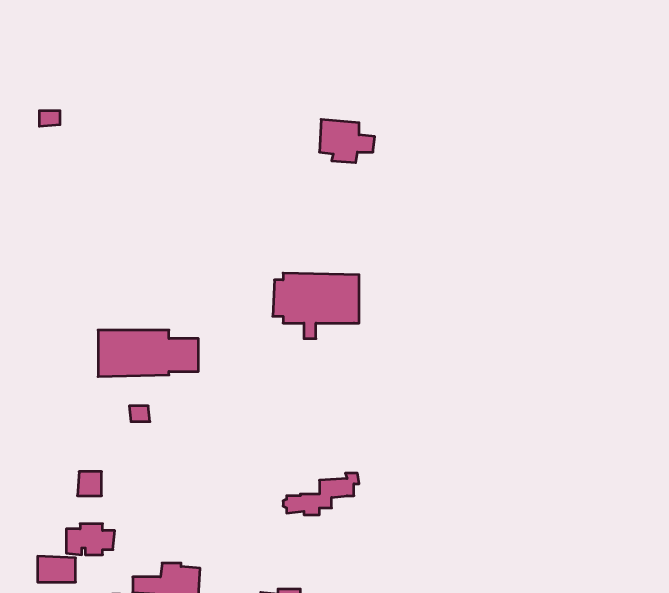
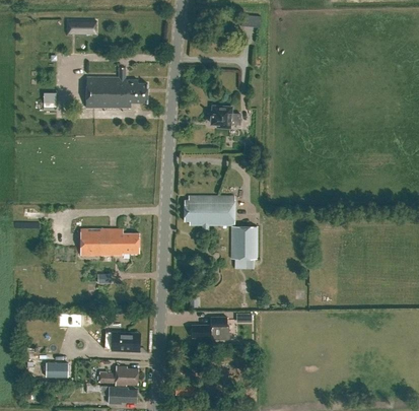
building: none -> [86,78,148,110]
building: none -> [230,225,257,260]
building: [66,524,115,555] -> [111,333,139,351]

